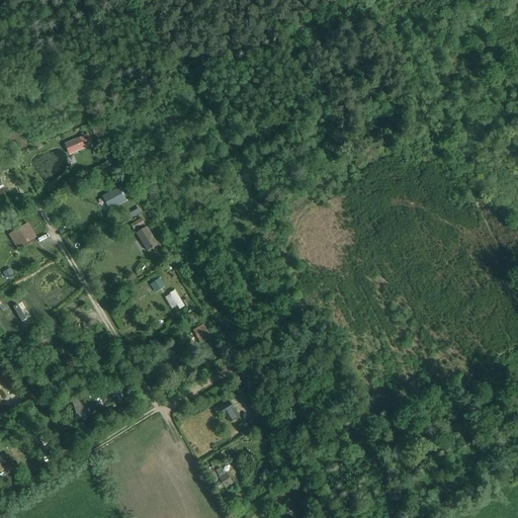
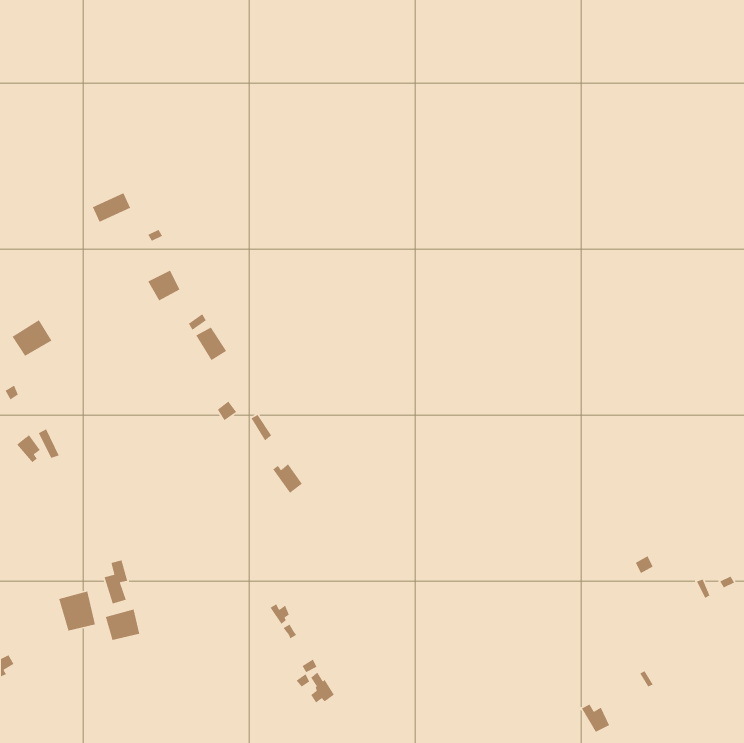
building: none -> [58,591,96,631]
building: none -> [105,609,140,641]

